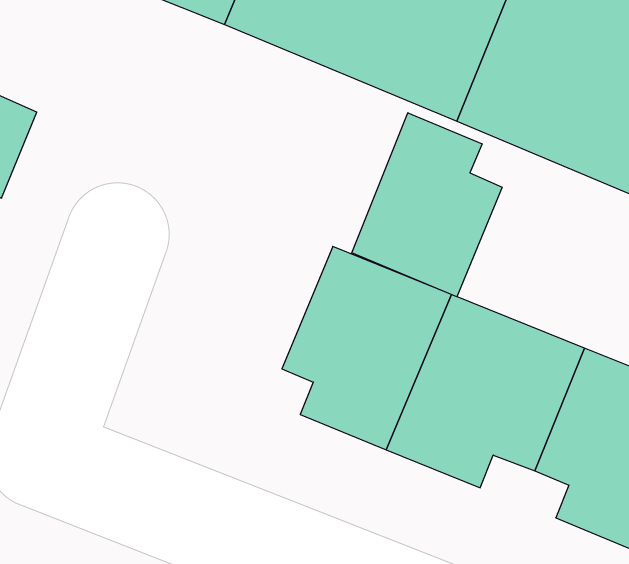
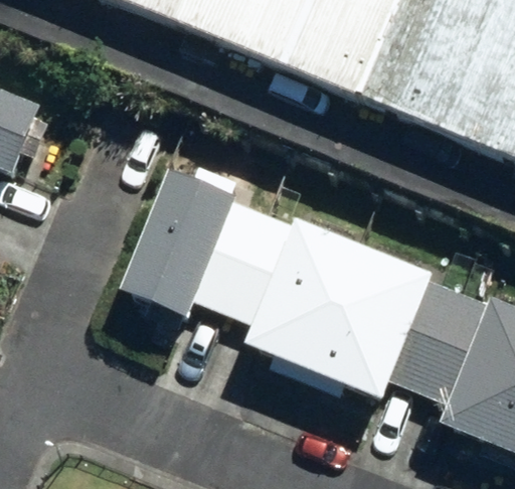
building: [352,113,502,297] -> none
building: none -> [119,166,270,315]

